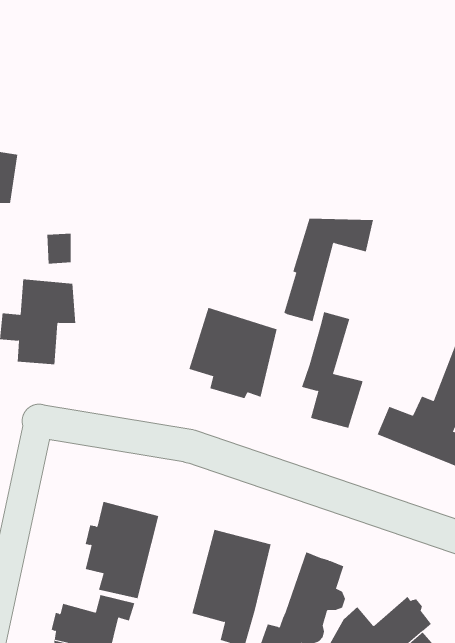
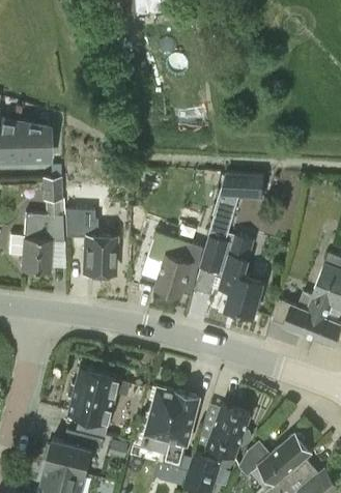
building: none -> [17,126,49,161]
building: none -> [64,211,115,276]
building: none -> [201,238,233,273]

